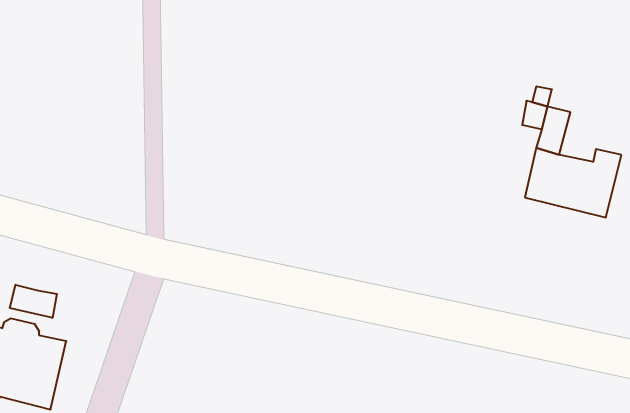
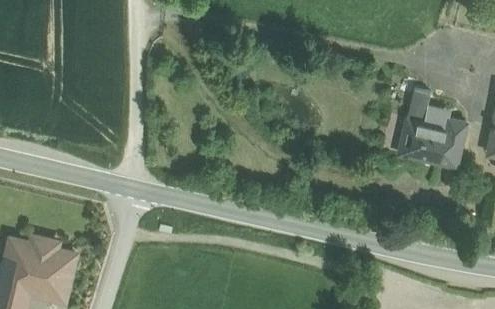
building: [10,285,57,318] -> none

